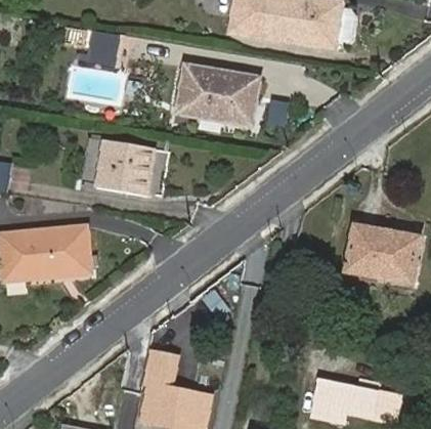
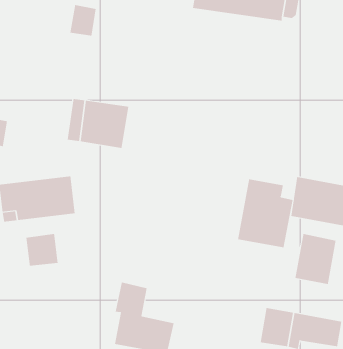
building: [178,63,257,121] -> none
building: none -> [237,178,293,248]
building: none -> [295,233,336,285]
building: none -> [26,233,58,267]

